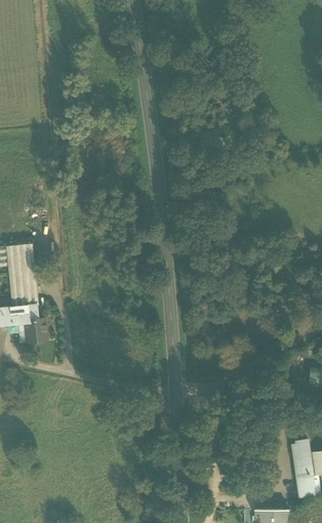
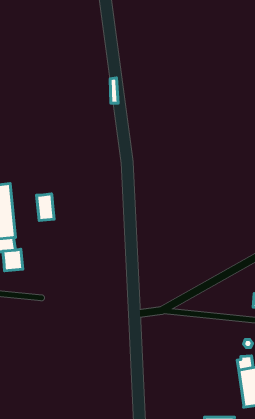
building: none -> [37,194,54,221]

